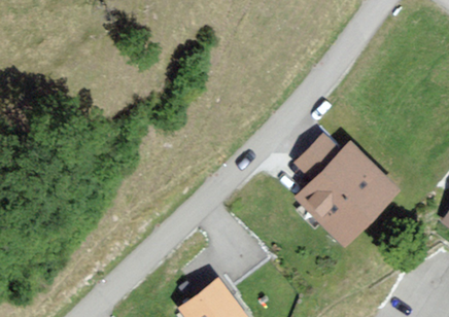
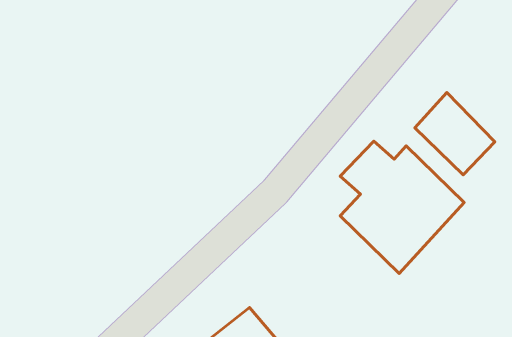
building: none -> [415,93,495,175]

